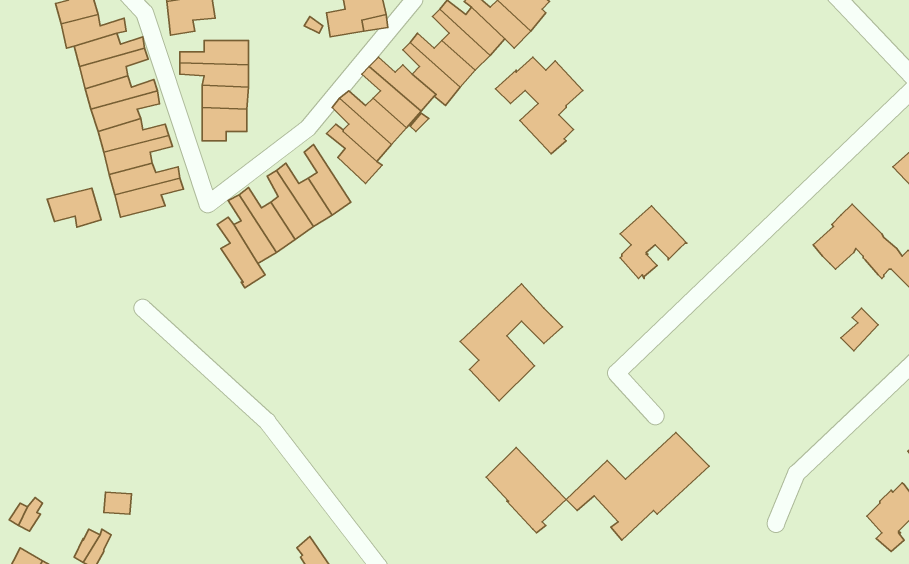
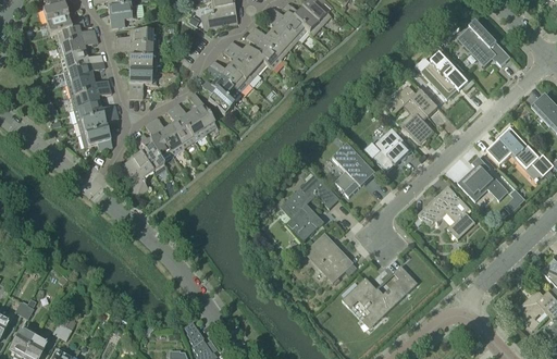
building: none -> [457,20,510,66]
building: [496,57,583,154] -> [386,86,437,143]
building: none -> [424,49,467,99]
building: [47,188,101,227] -> [81,127,112,150]
building: none -> [333,144,375,196]
building: none -> [117,152,152,196]
building: none -> [457,156,507,199]
building: none -> [417,185,473,237]
building: [486,447,566,533] -> [306,233,352,283]

